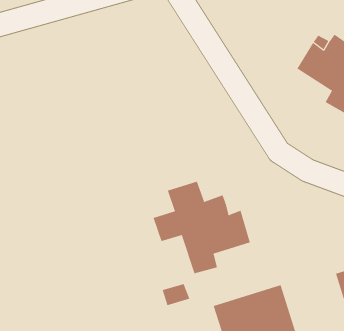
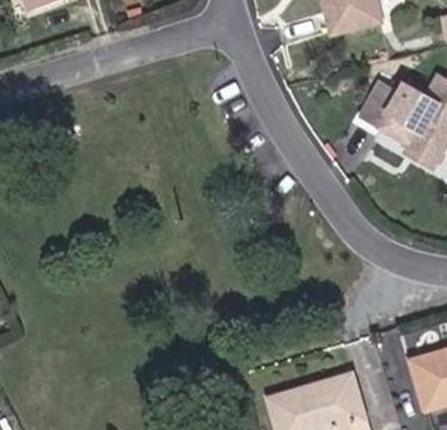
building: [153,181,251,274] -> none

